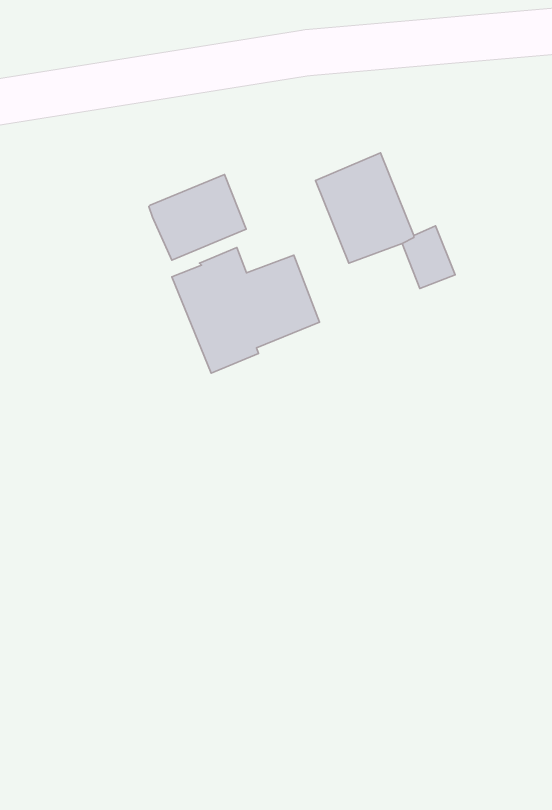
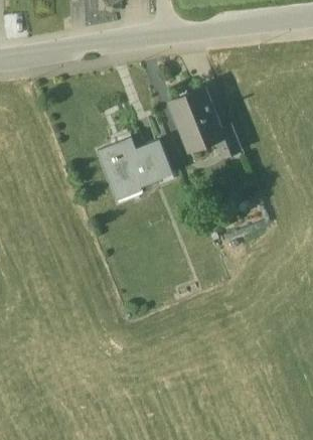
building: [149,174,246,260] -> none

